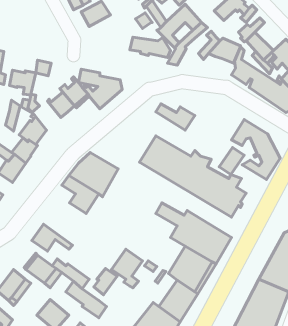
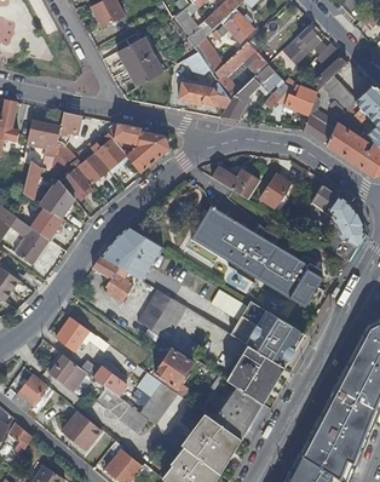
building: none -> [126,54,161,86]
building: none -> [58,162,91,199]
building: [219,148,244,175] -> [258,173,289,207]
building: none -> [138,291,188,340]
building: none -> [138,381,177,424]

